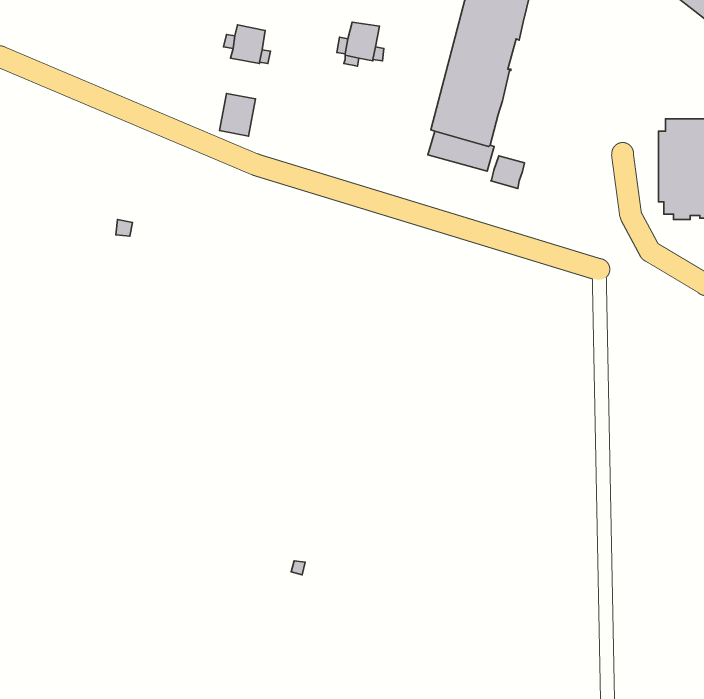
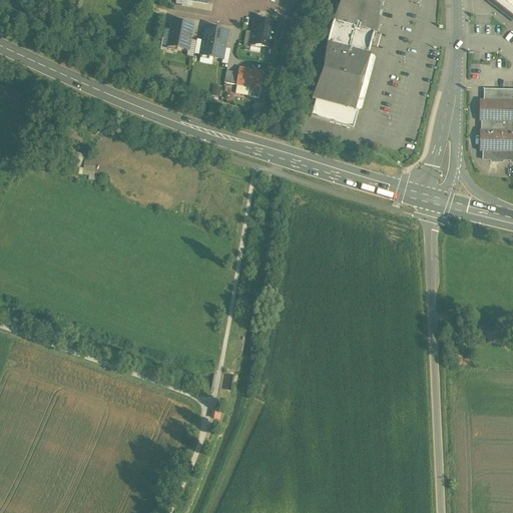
building: none -> [237,66,264,93]
building: [219,93,255,136] -> [202,26,228,57]
building: [491,156,524,188] -> none

